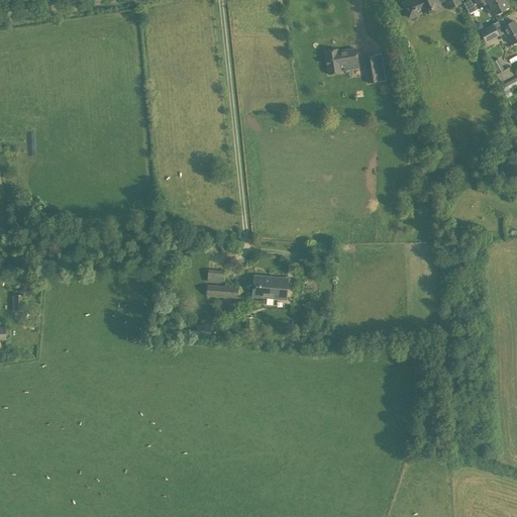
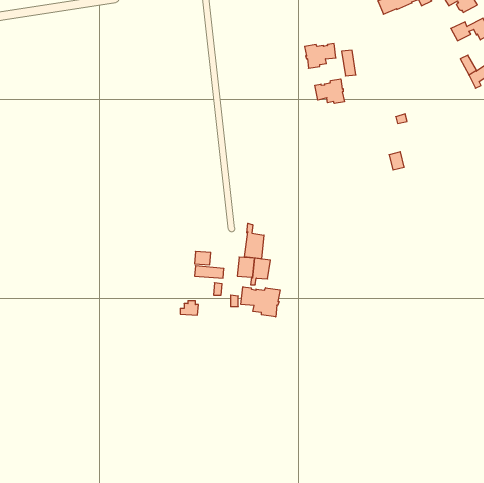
building: none -> [315,79,344,103]
building: none -> [244,223,264,259]
building: none -> [241,287,280,317]

